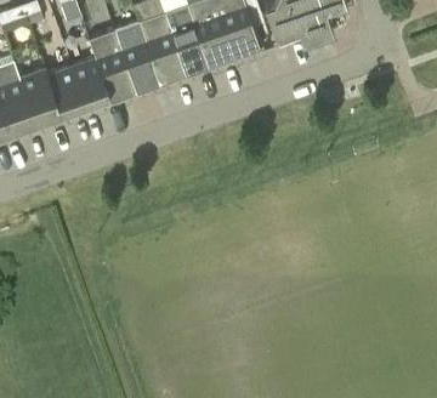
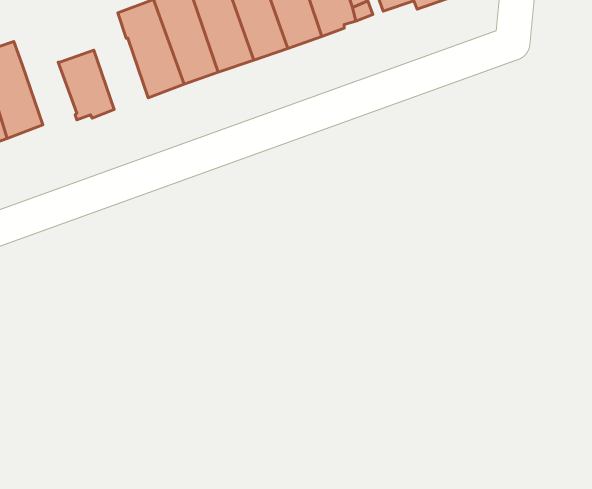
building: [70,59,109,110] -> none
building: [19,70,58,121] -> none

